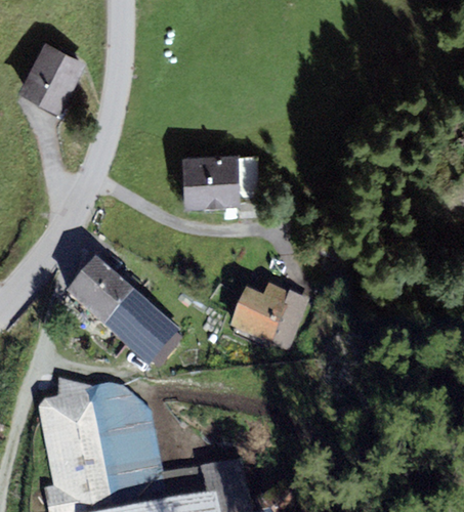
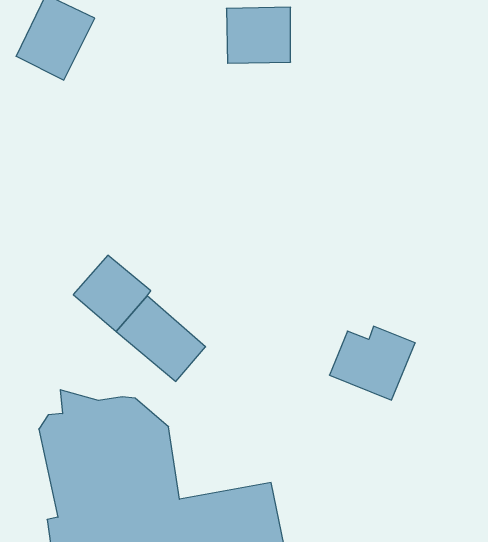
building: [187,155,243,203] -> [226,7,291,63]
building: [233,288,306,351] -> [329,326,415,400]

